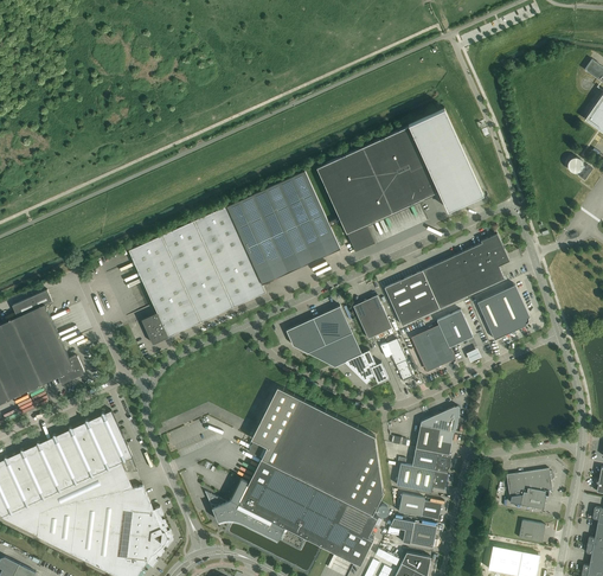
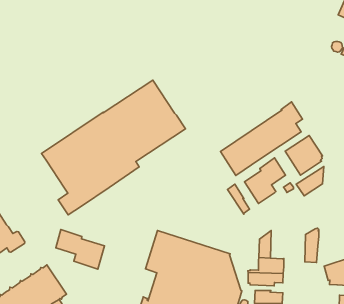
building: [315,109,482,252] -> none
building: [352,296,391,340] -> none
building: [286,307,387,384] -> none
building: none -> [296,166,324,196]
building: none -> [56,229,105,269]
building: [431,408,458,456] -> [305,228,319,263]

